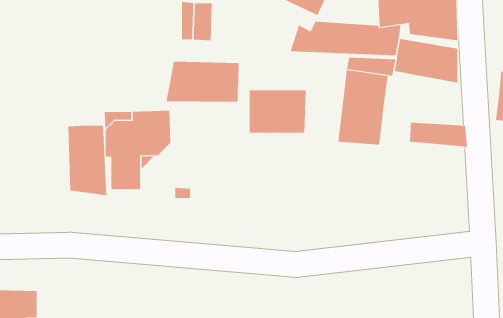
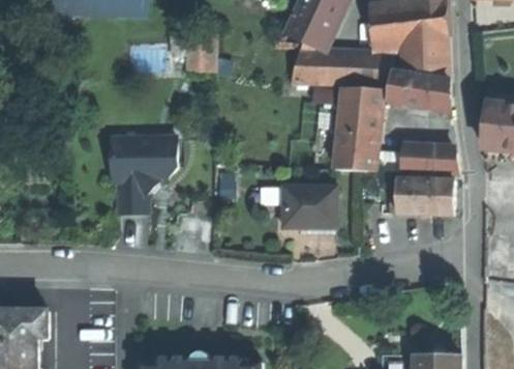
building: [166,61,239,103] -> none
building: [249,90,306,133] -> [281,184,336,226]
building: [68,125,107,196] -> none
building: none -> [395,177,453,211]

